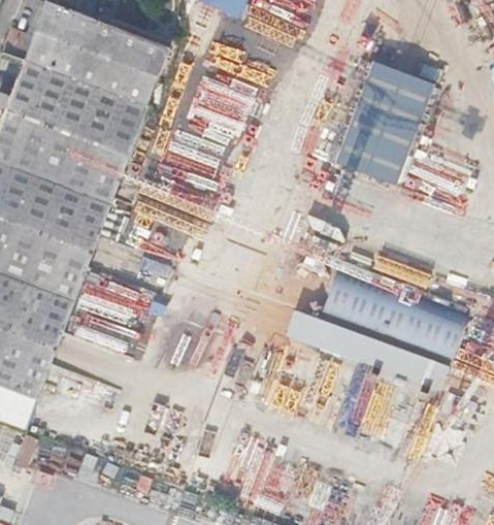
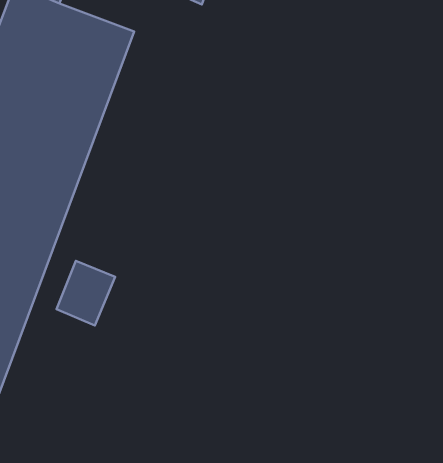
building: [335,64,431,184] -> none
building: [286,259,467,394] -> none

